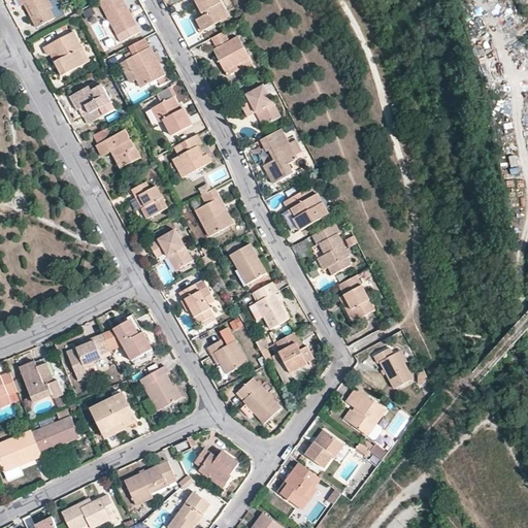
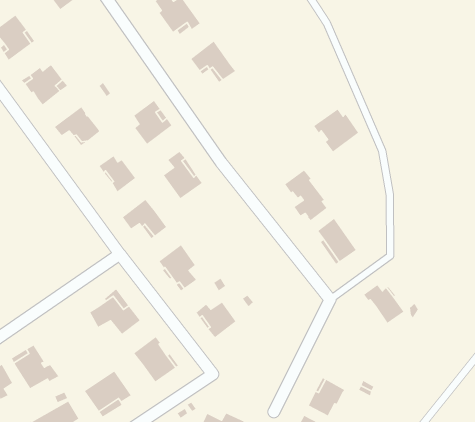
building: [126,45,165,87] -> none
building: [152,86,192,135] -> none
building: [260,129,297,185] -> none
building: [285,188,329,230] -> [313,108,359,152]
building: [230,243,266,284] -> none
building: [253,282,290,330] -> none
building: [275,331,314,374] -> none
building: [68,333,109,380] -> none
building: [235,377,279,424] -> none
building: [345,389,386,436] -> none

